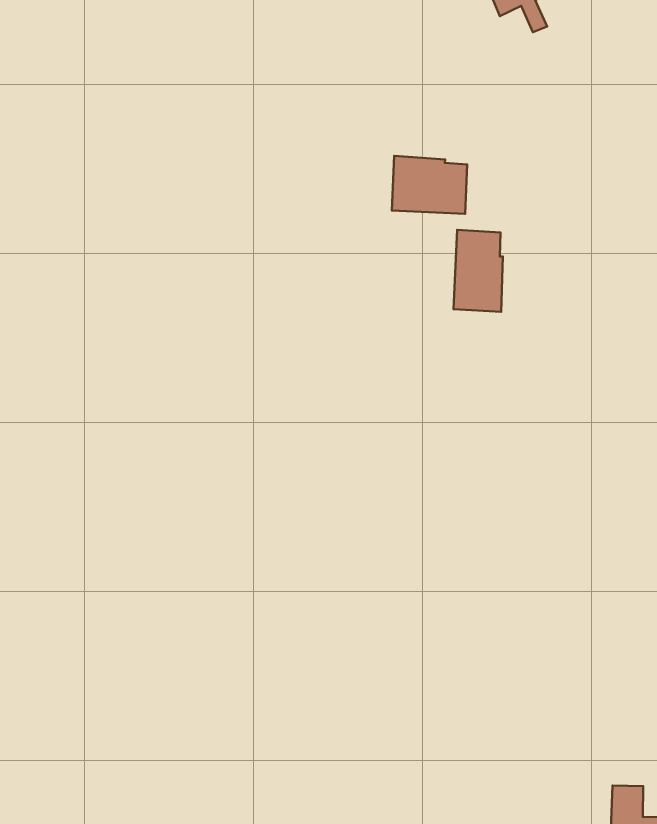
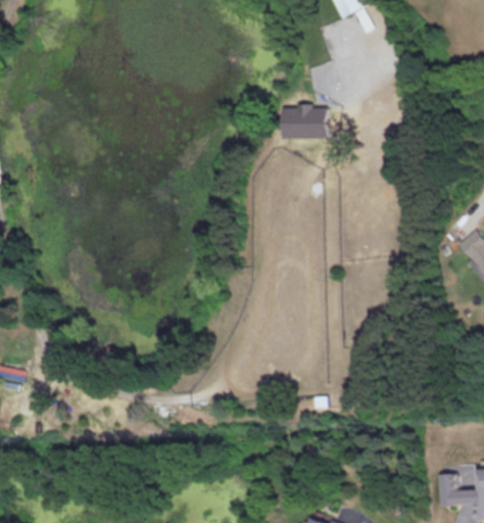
building: [453,230,503,312] -> none

